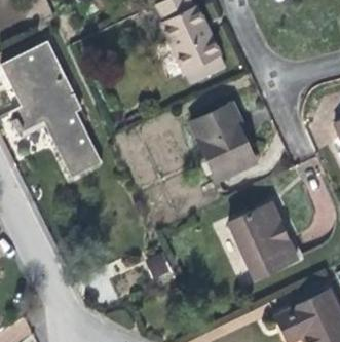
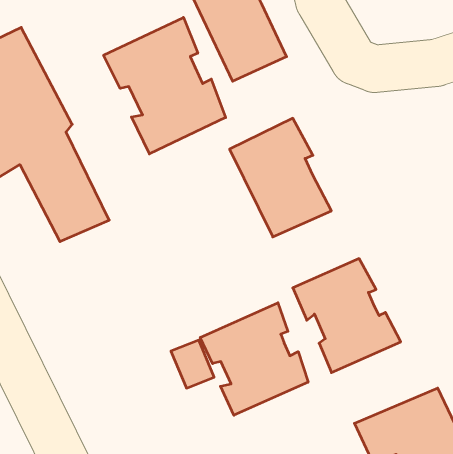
building: none -> [104,17,226,154]
building: none -> [200,303,308,415]

